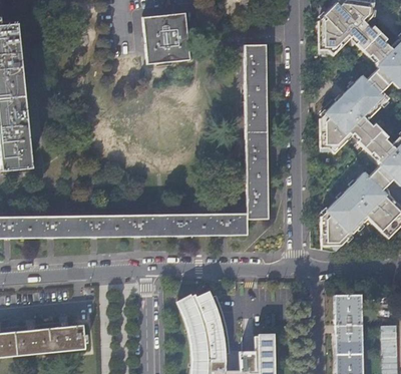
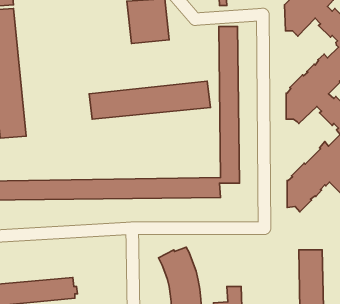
building: none -> [89,81,210,119]

